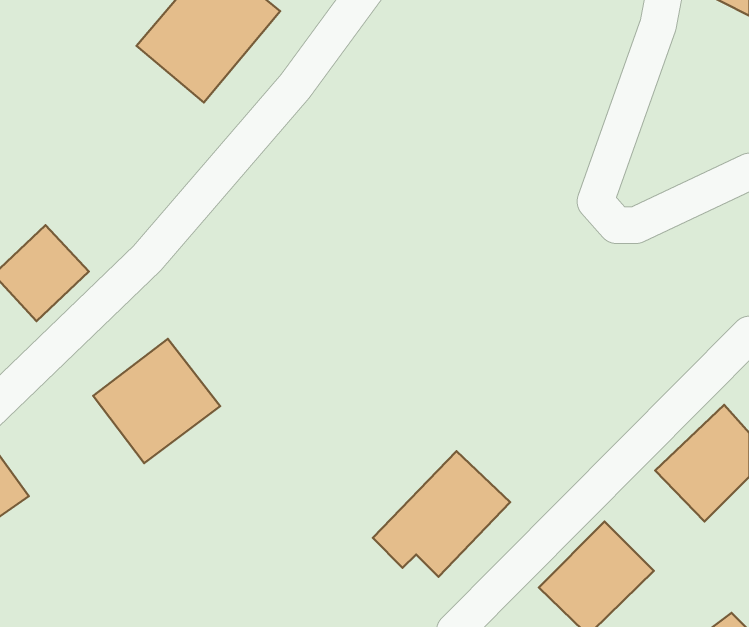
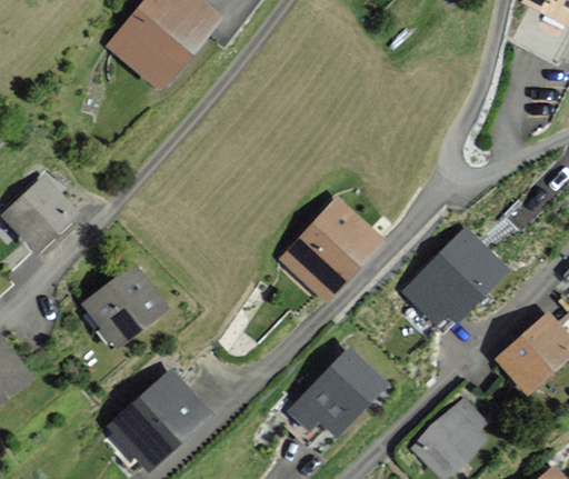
building: none -> [284,200,379,295]
building: none -> [408,221,511,329]
building: none -> [112,373,208,467]

